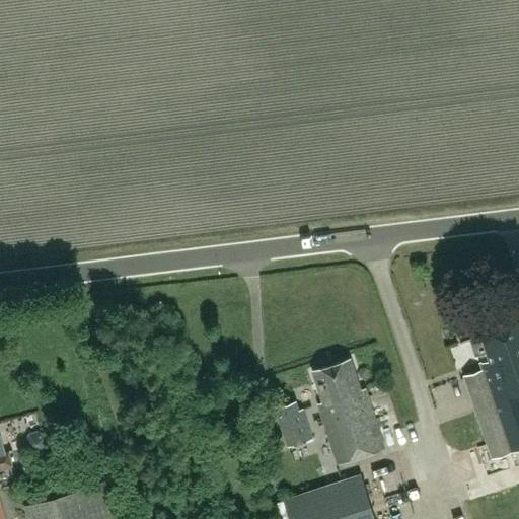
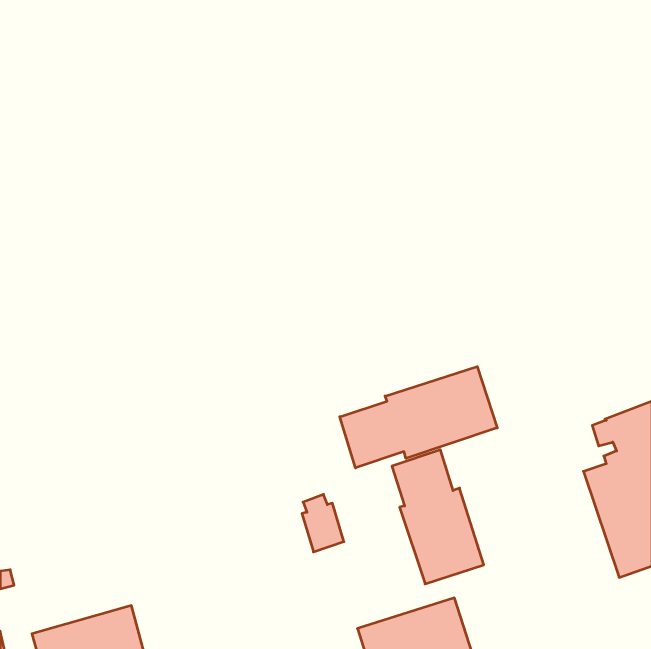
building: none -> [340,367,497,468]
building: [279,403,312,449] -> [302,494,344,552]

